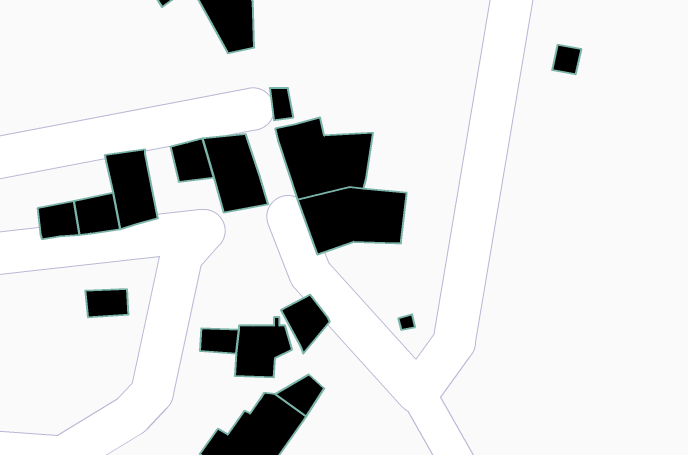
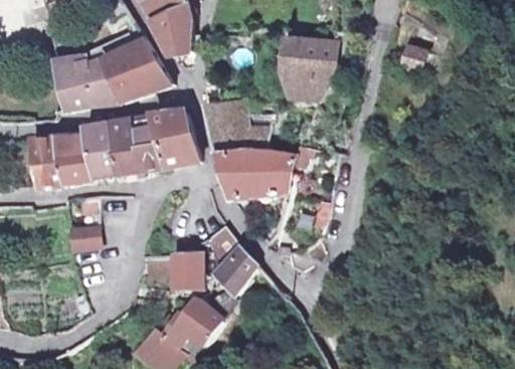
building: none -> [53,32,169,110]
building: none -> [283,38,330,101]
building: none -> [108,122,164,173]
building: none -> [26,133,84,166]
building: none -> [218,247,256,292]

